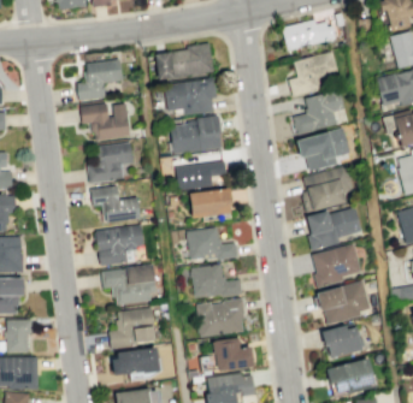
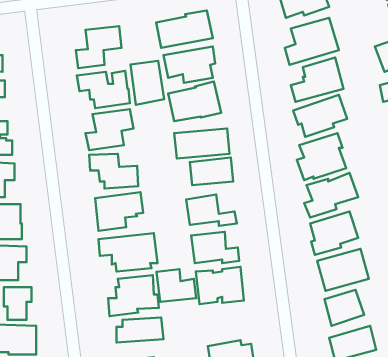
building: none -> [130,61,164,105]
building: [218,339,258,372] -> [157,269,196,302]

